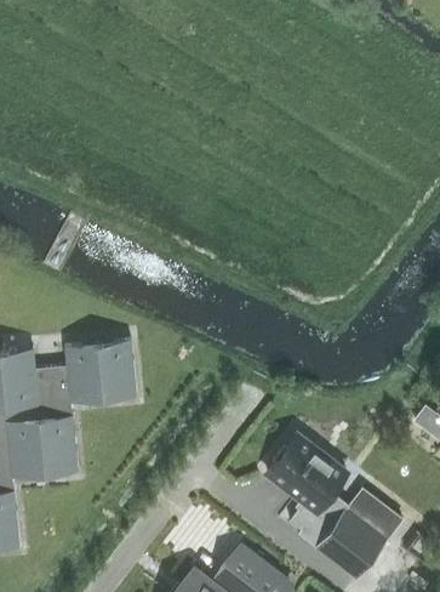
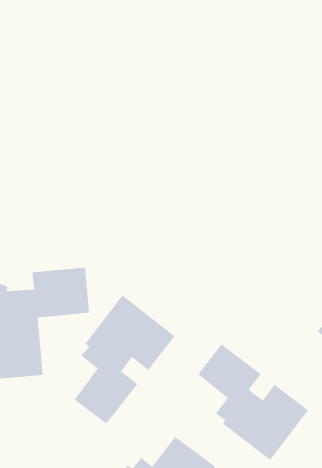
building: none -> [74,295,175,425]

